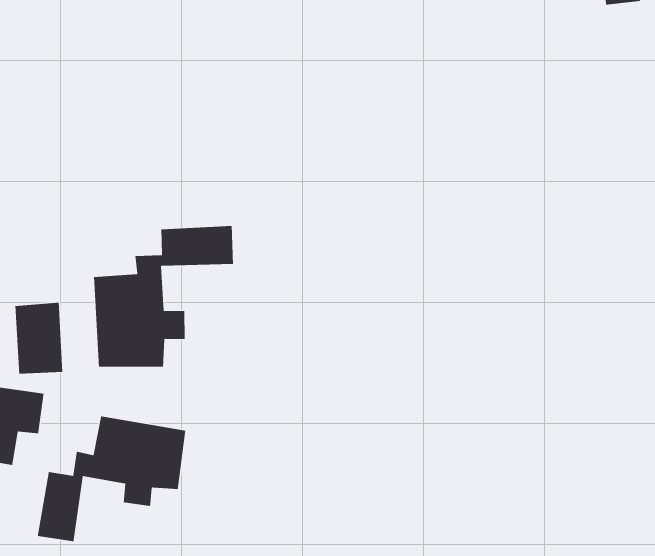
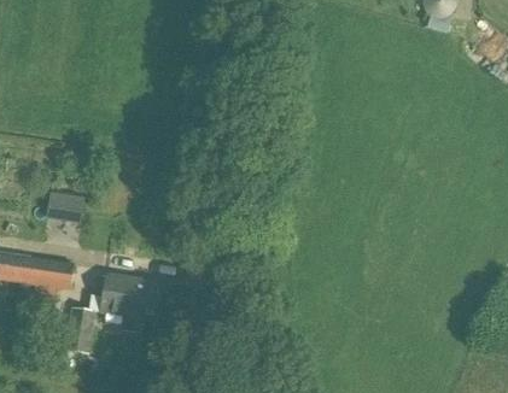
building: [93,225,234,368] -> none

